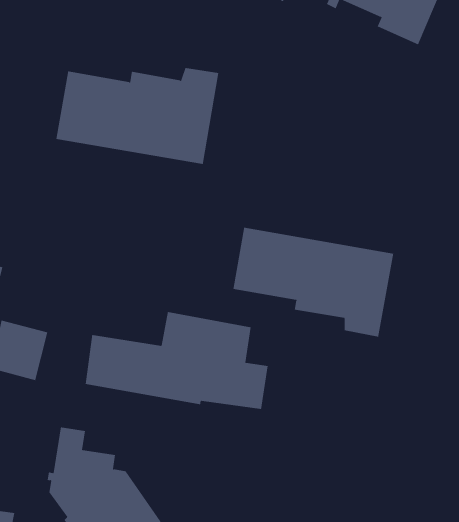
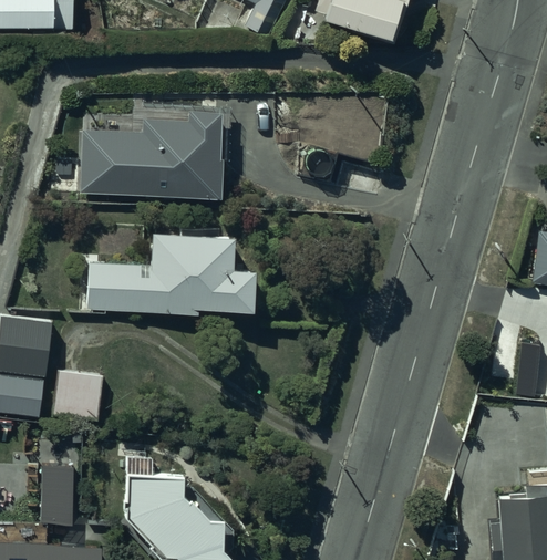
building: [233,227,394,338] -> none
building: [85,311,268,409] -> [86,232,254,313]

